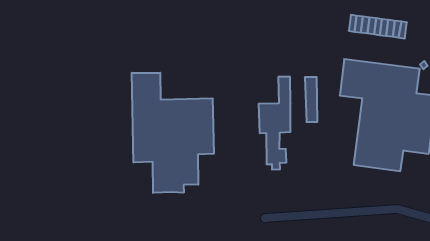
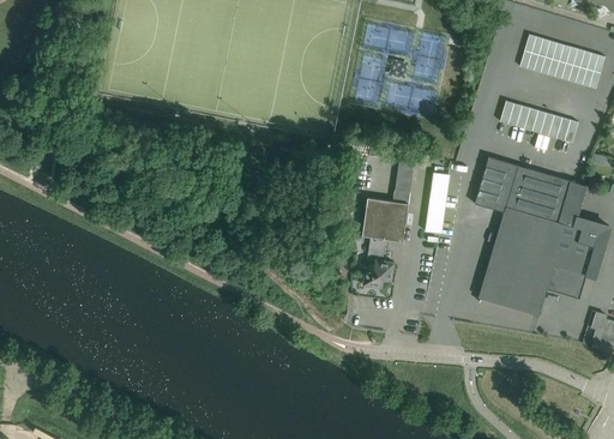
building: [132,73,214,193] -> none

